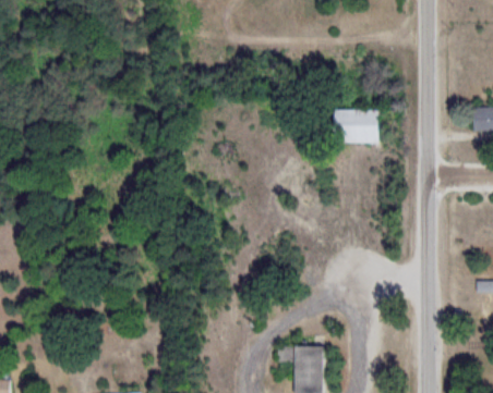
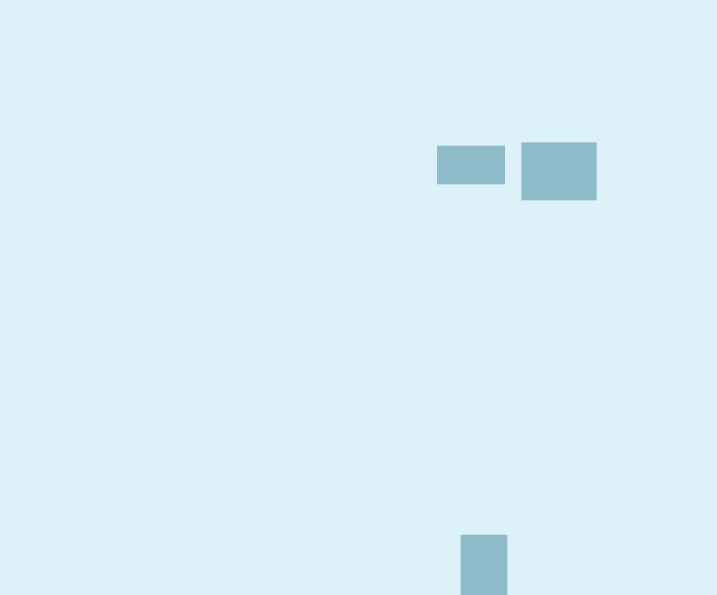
building: none -> [436,145,505,185]

